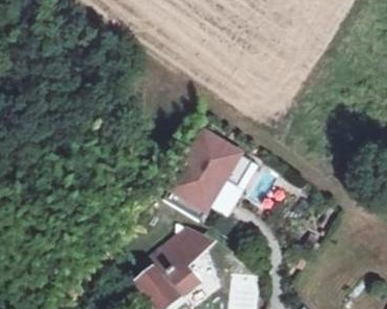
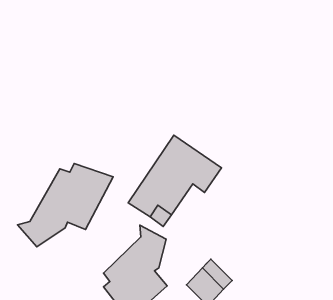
building: none -> [18,163,113,247]

